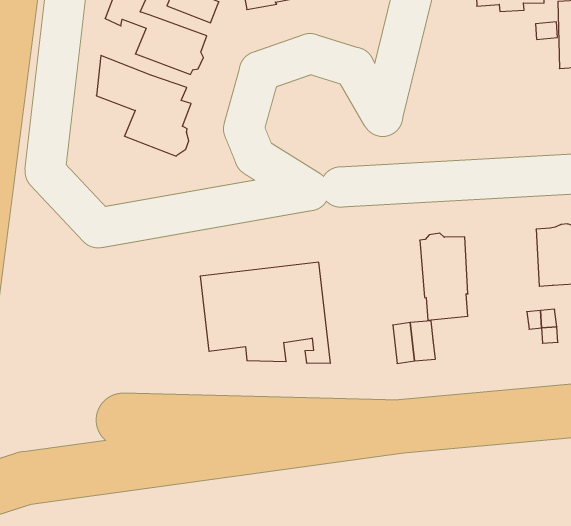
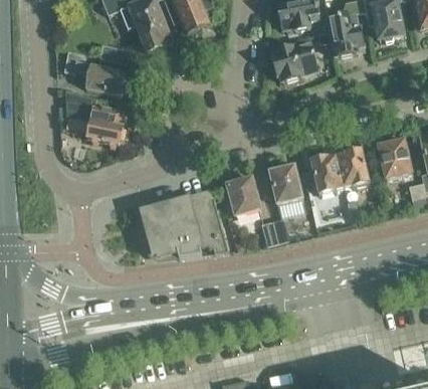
building: none -> [272,41,316,81]
building: none -> [310,154,344,193]
building: none -> [227,175,260,215]

